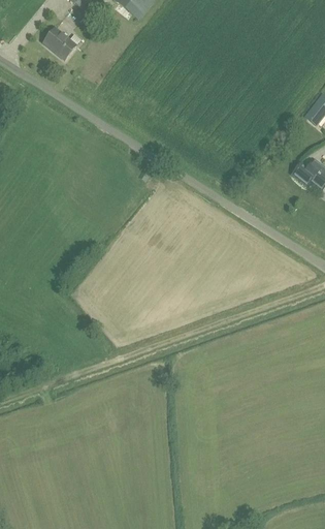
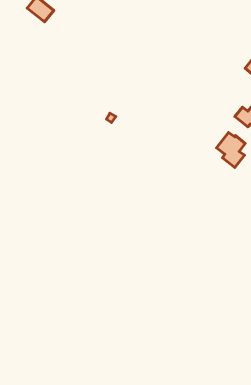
building: none -> [217,132,245,168]

